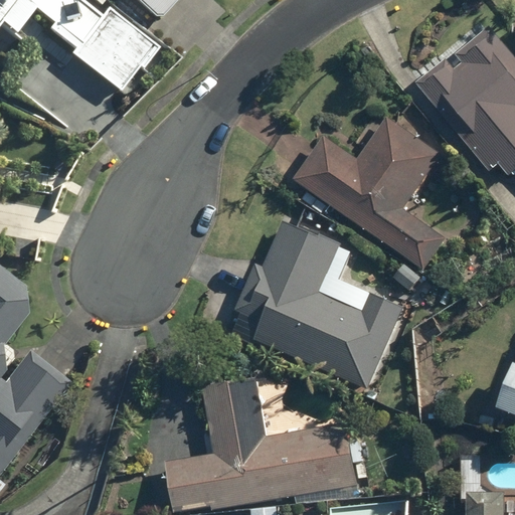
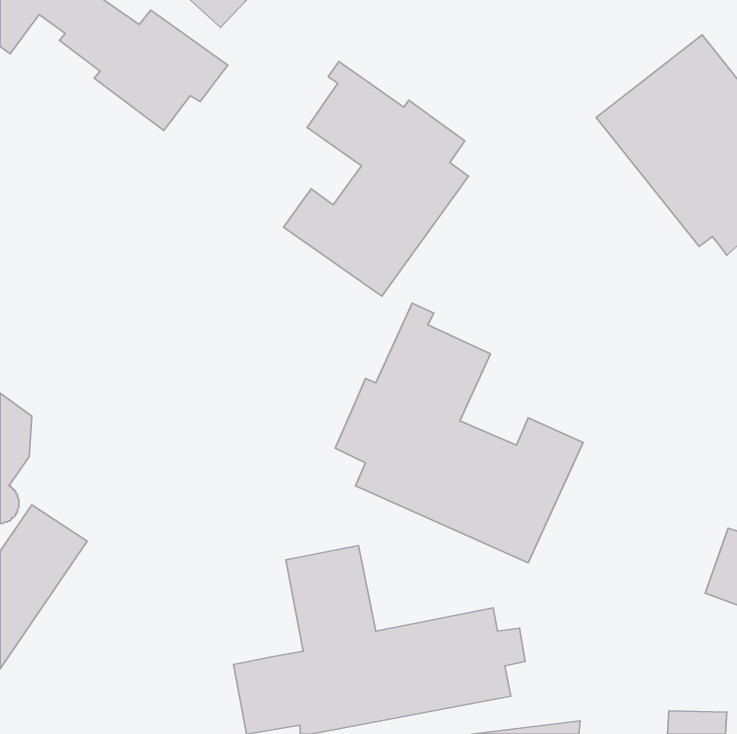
building: none -> [284,61,468,296]
building: [294,108,446,269] -> none

